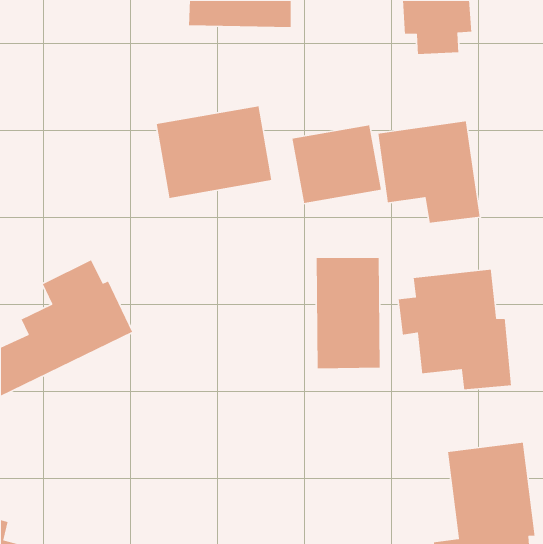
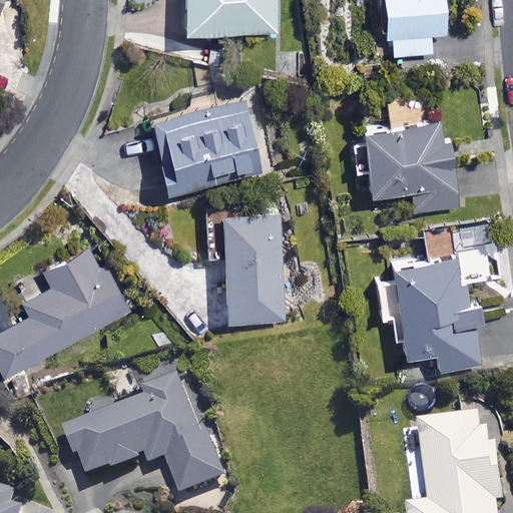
building: [291,124,382,204] -> none
building: [316,257,380,369] -> [222,213,283,318]
building: none -> [67,373,228,500]

